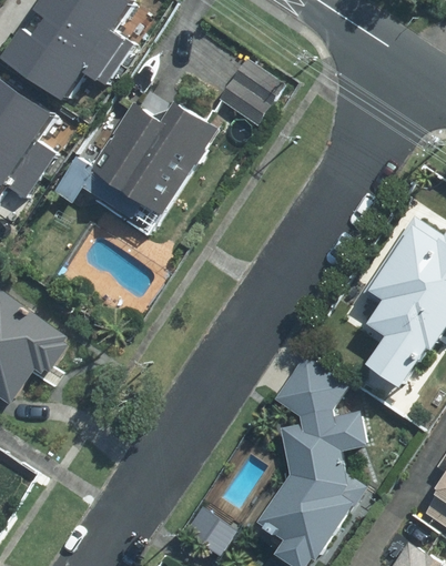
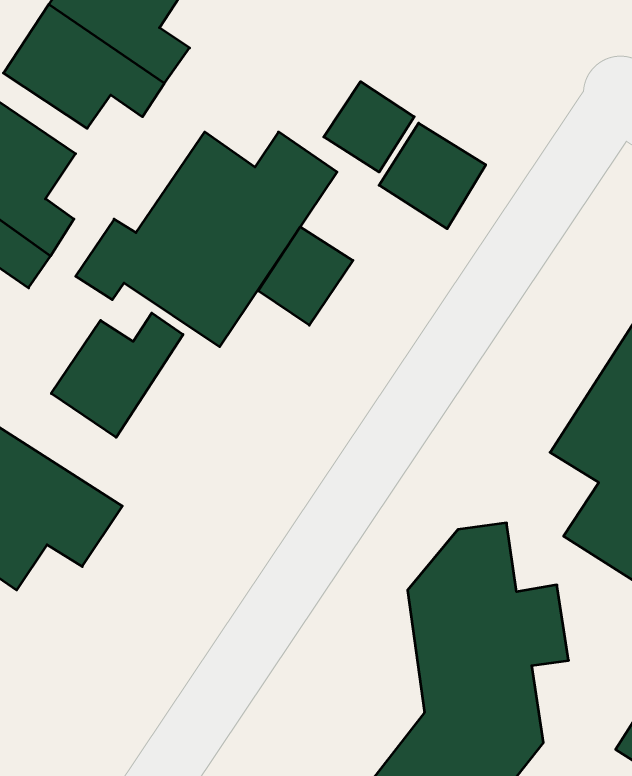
building: none -> [379,123,486,229]
building: none -> [258,227,353,325]
building: none -> [51,313,183,437]

